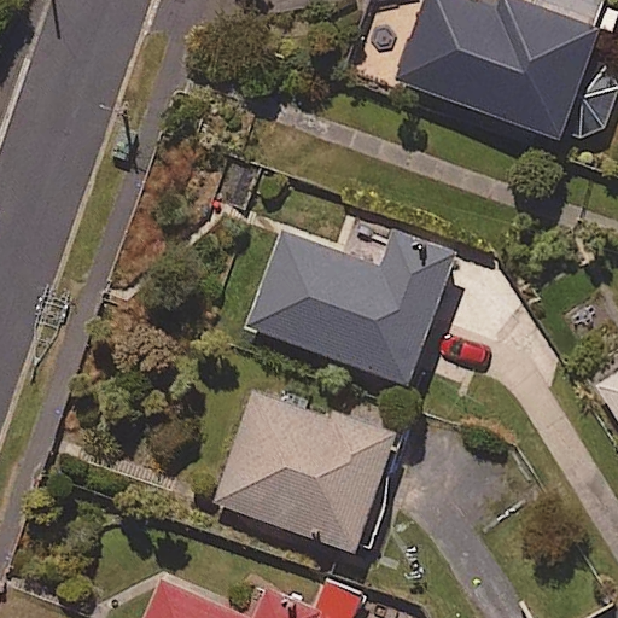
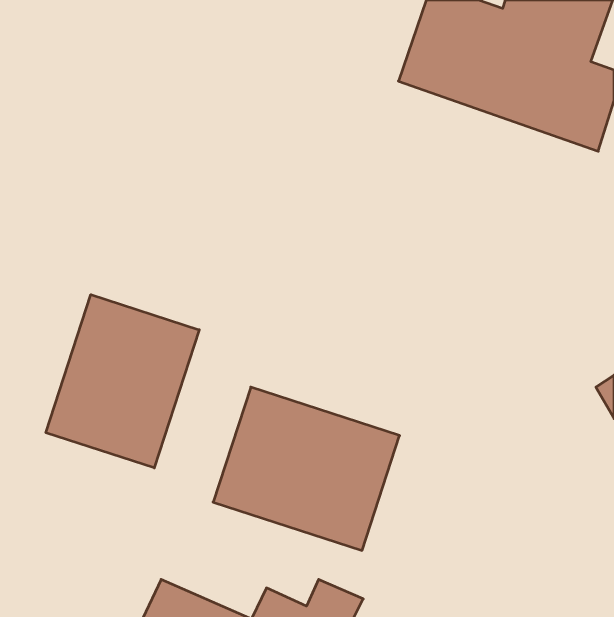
building: [244,227,460,386] -> none
building: none -> [46,295,199,468]

